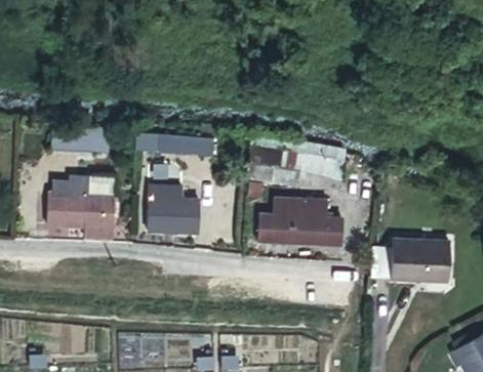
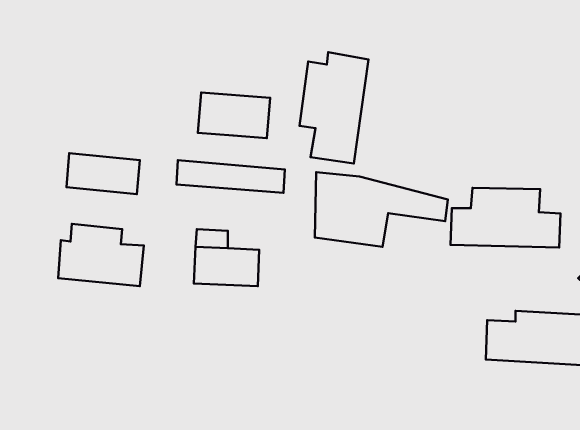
building: none -> [300,52,368,163]
building: none -> [198,93,270,138]
building: [257,200,340,245] -> [451,188,561,247]

